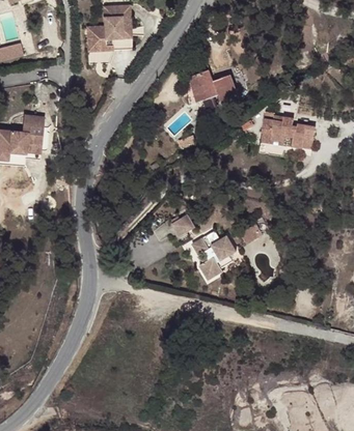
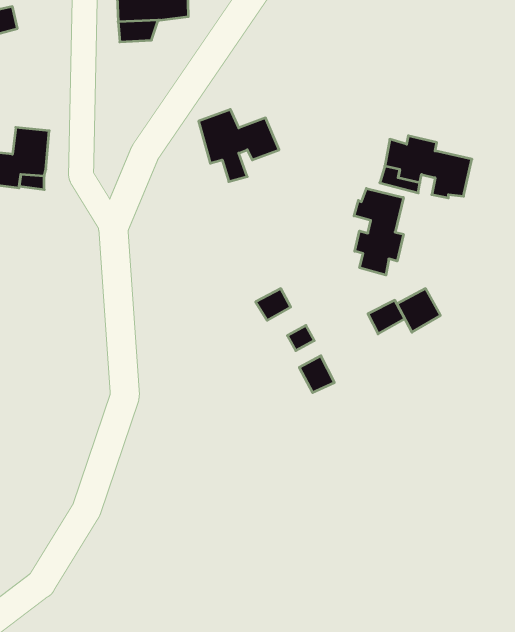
building: [190,67,240,112] -> [199,109,279,182]
building: none -> [354,188,403,275]
building: [211,232,238,259] -> [397,289,440,332]

